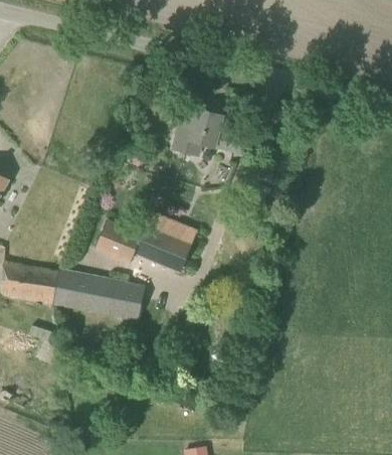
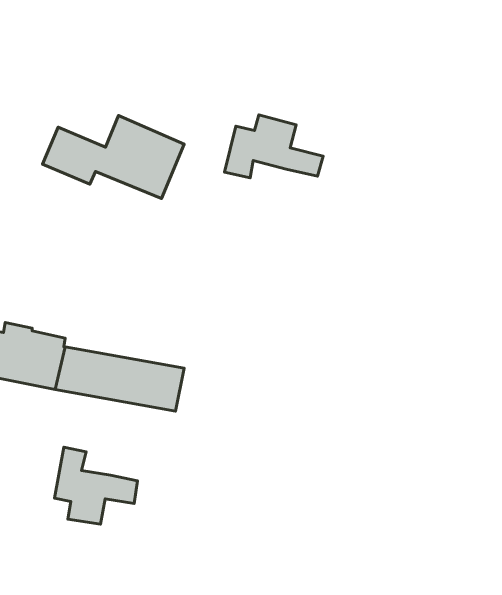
building: [99,213,198,272] -> [42,116,184,199]
building: none -> [55,447,138,524]

